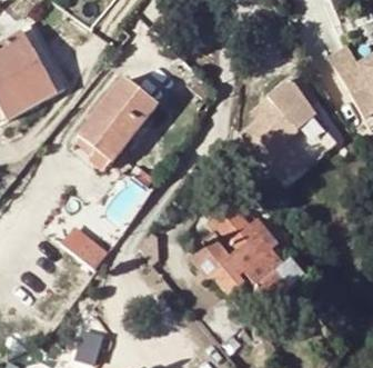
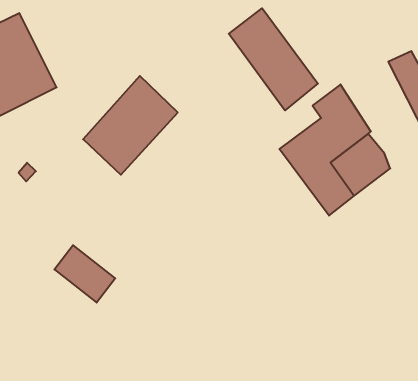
building: none -> [229,8,318,110]
building: [190,201,304,305] -> none

